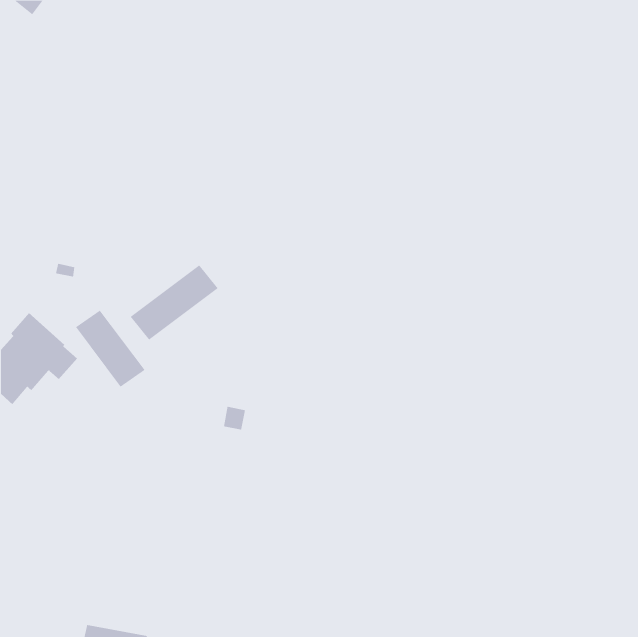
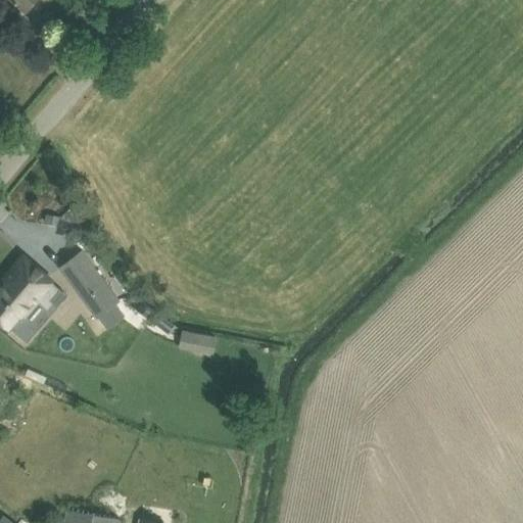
building: [130,264,218,340] -> none

